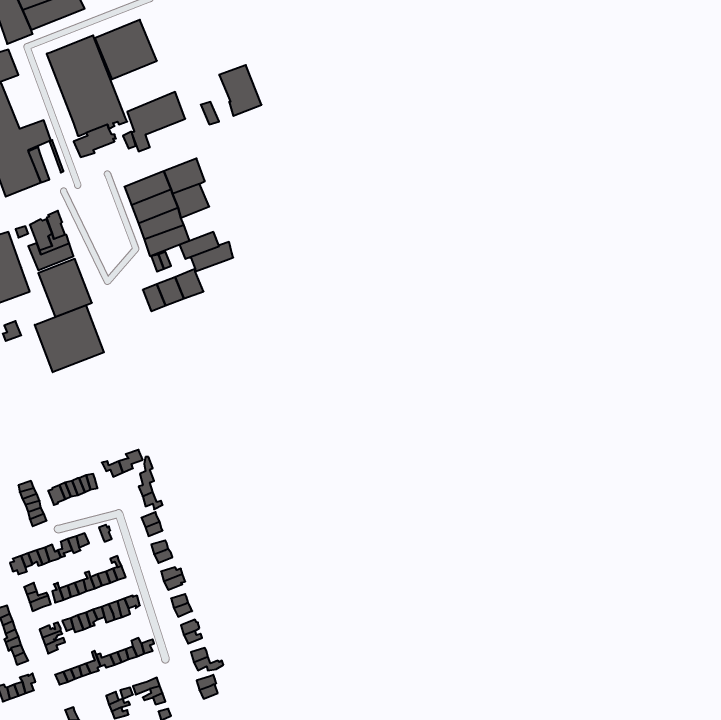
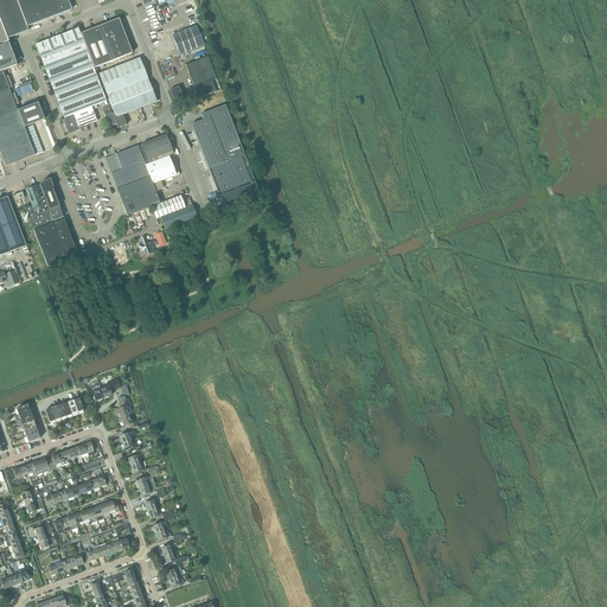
building: none -> [171,24,203,53]
building: none -> [97,56,147,94]
building: none -> [191,103,258,204]
building: [35,305,104,372] -> none

